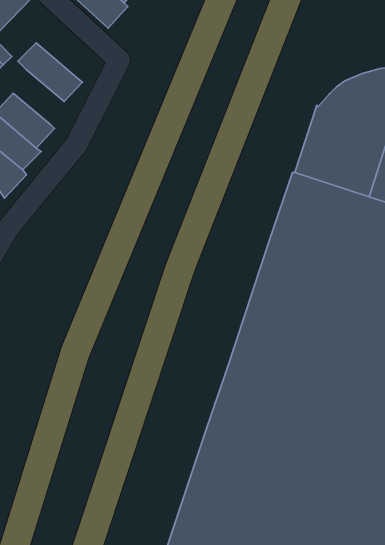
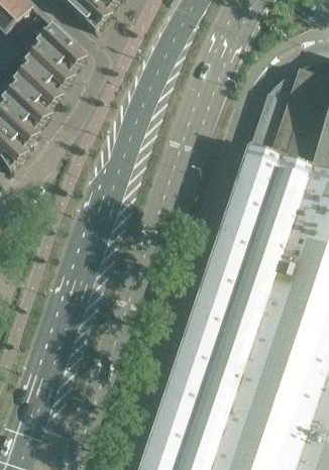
building: none -> [35,22,85,70]
building: none -> [12,63,63,108]

